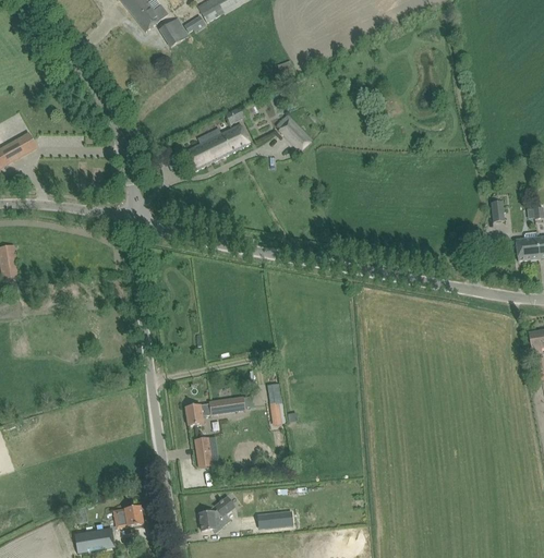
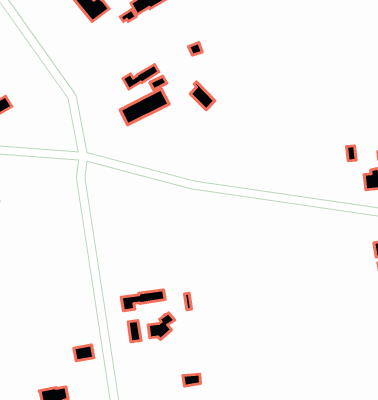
building: [158,16,188,46] -> none
building: none -> [123,64,159,89]
building: [198,496,234,532] -> [148,313,175,339]
building: [116,505,143,526] -> [74,345,94,361]

